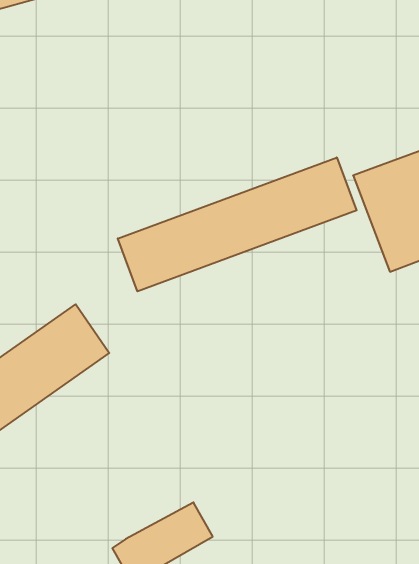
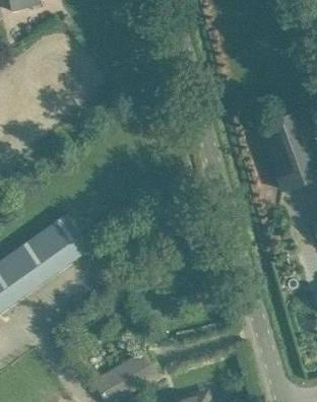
building: [118,157,357,291] -> none

